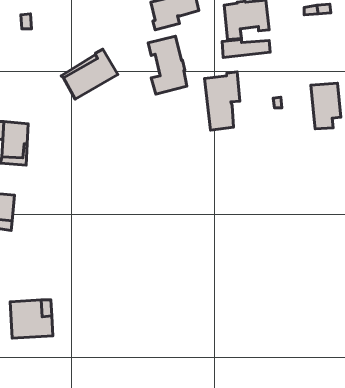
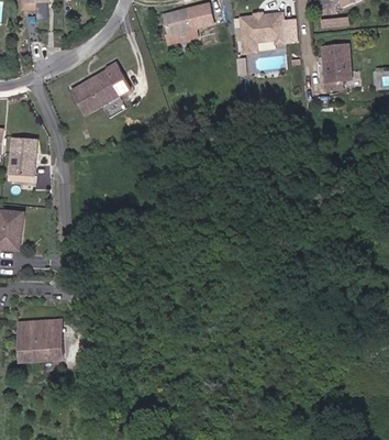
building: [148,36,187,94] -> none
building: [205,72,240,130] -> none
building: [311,83,341,129] -> [321,44,352,91]

